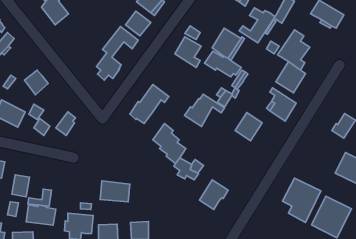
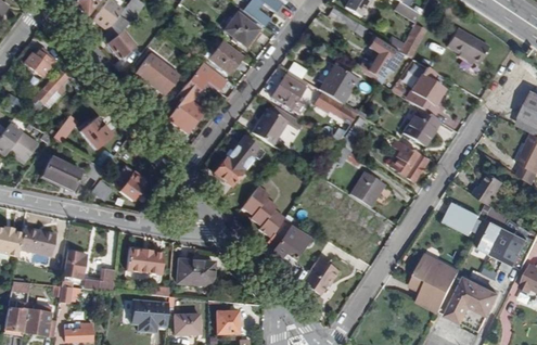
building: none -> [135,52,177,92]
building: [185,94,224,127] -> [252,103,303,144]
building: none -> [444,202,480,232]
building: [26,205,56,225] -> [126,247,164,273]

